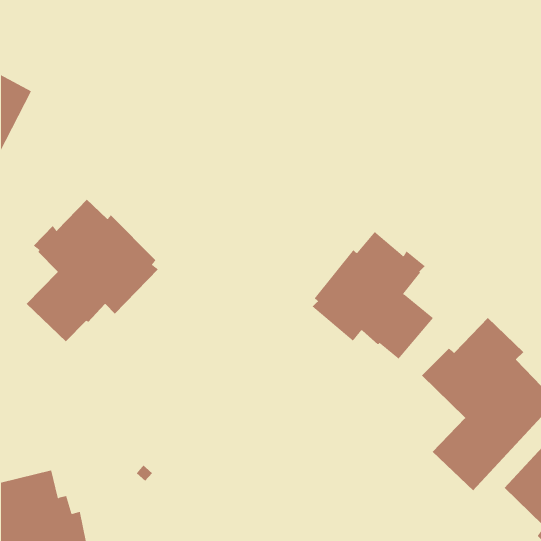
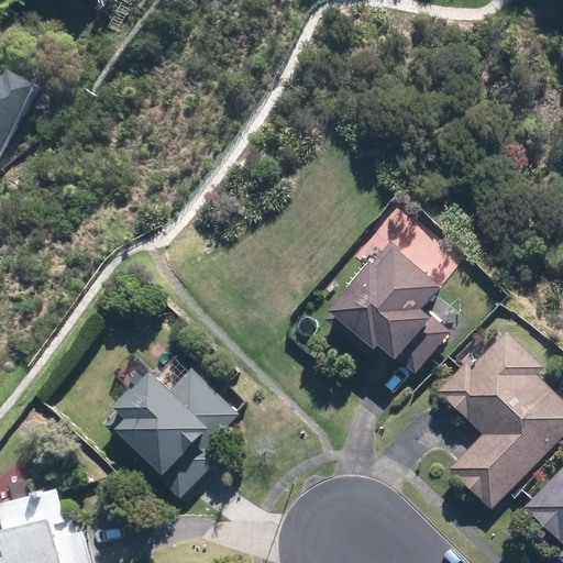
building: [26,199,159,342] -> none
building: none -> [103,366,240,499]

